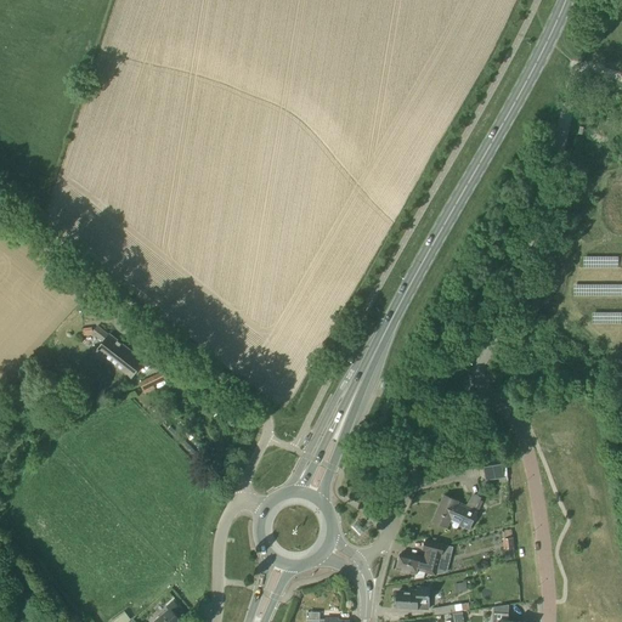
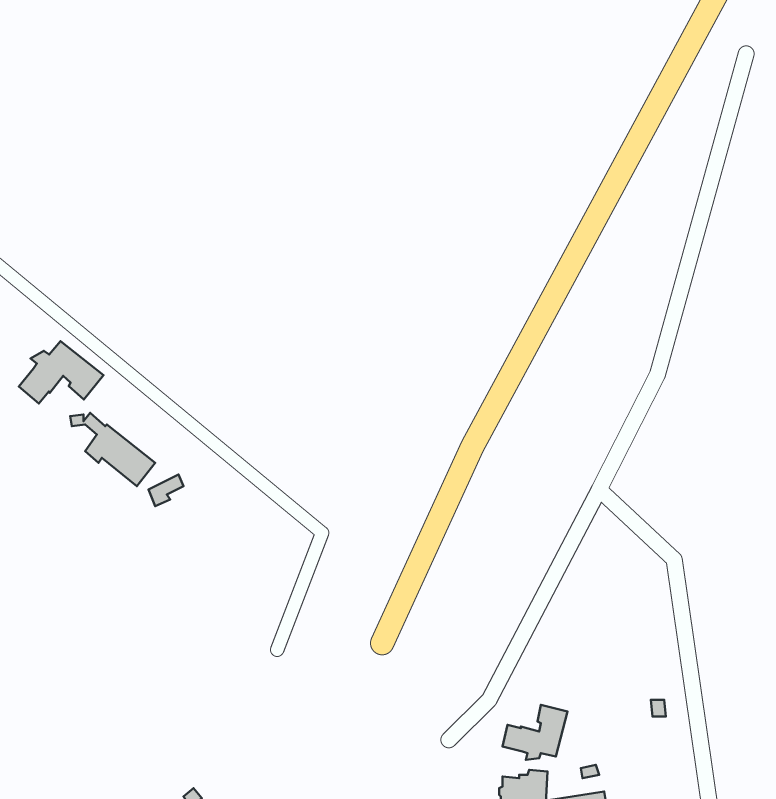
building: none -> [19,341,103,403]
building: [432,496,477,531] -> none

